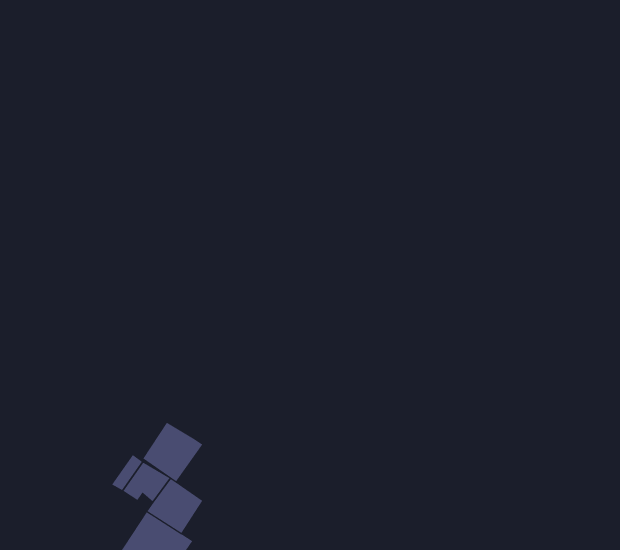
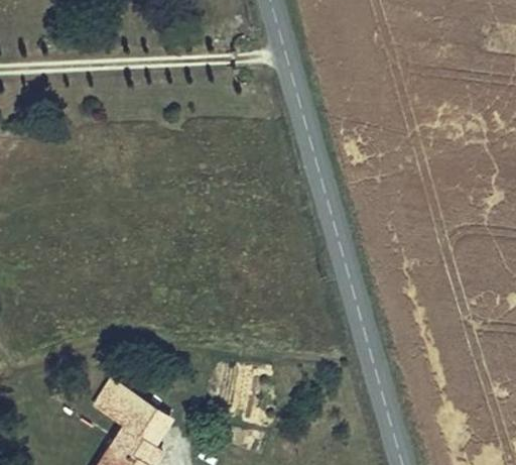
building: [142,422,203,482] -> none

